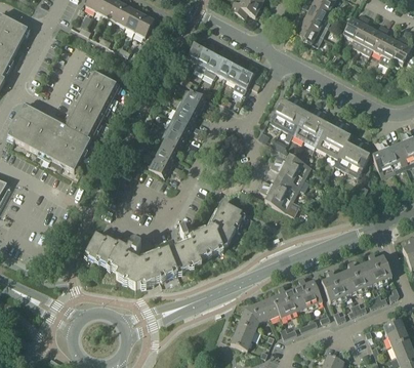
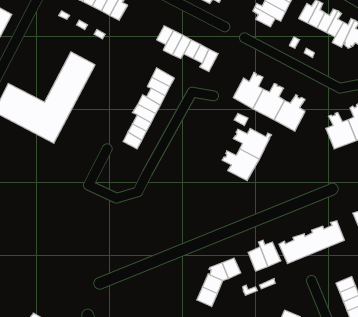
building: [335,135,370,175] -> none
building: [86,201,242,287] -> none
building: [272,285,295,317] -> none

